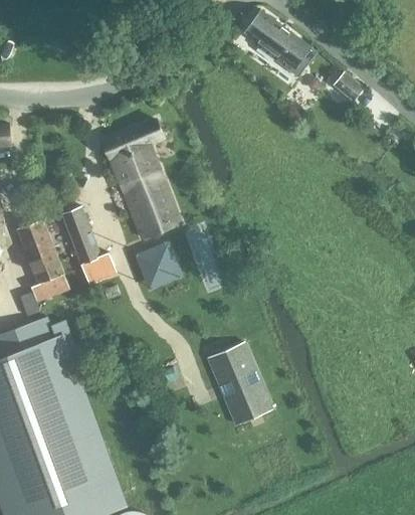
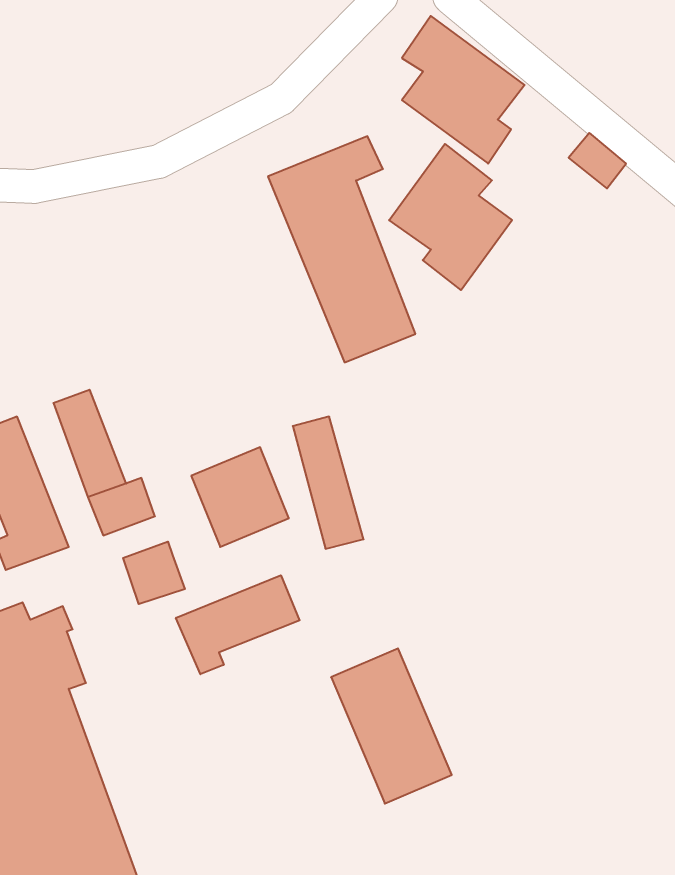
building: none -> [389,144,512,290]
building: [102,121,180,239] -> [268,136,415,362]
building: none -> [123,542,185,604]
building: none -> [176,575,300,674]

